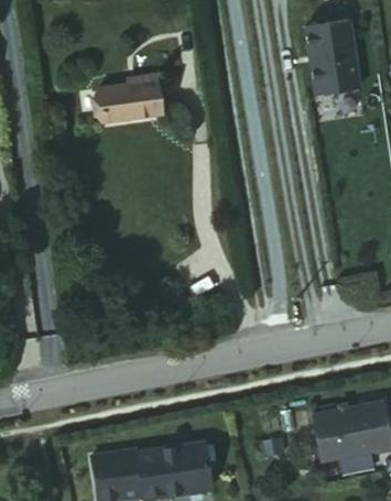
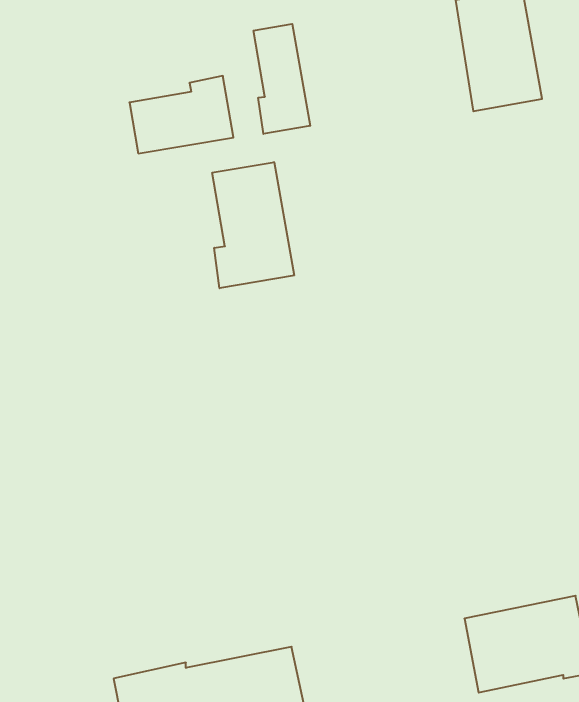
building: none -> [254,24,310,134]
building: none -> [212,162,294,288]

